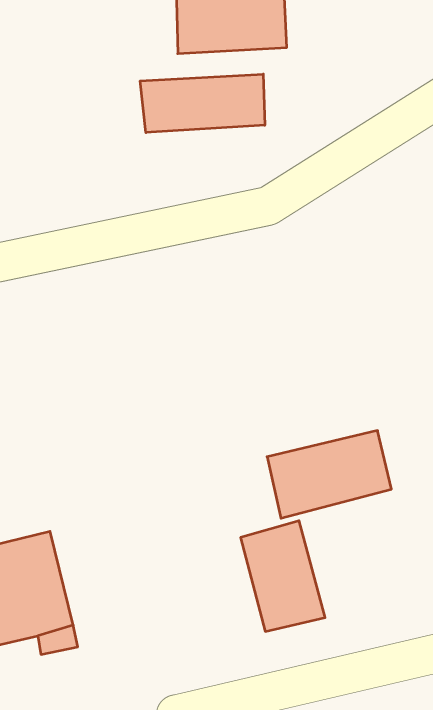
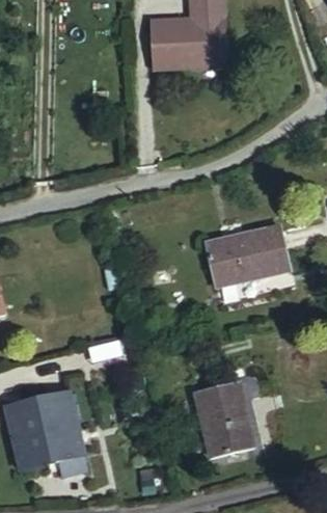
building: [140,74,265,133] -> none
building: [267,431,391,518] -> [206,226,290,286]

